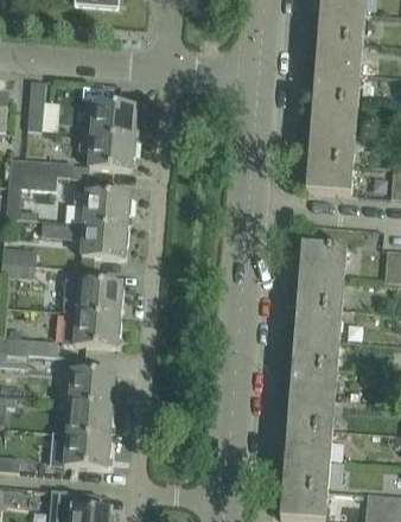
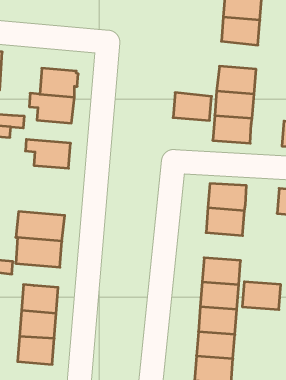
building: [313,69,361,103] -> [173,93,212,120]
building: [70,222,127,259] -> none
building: [294,305,342,339] -> [242,282,281,310]

